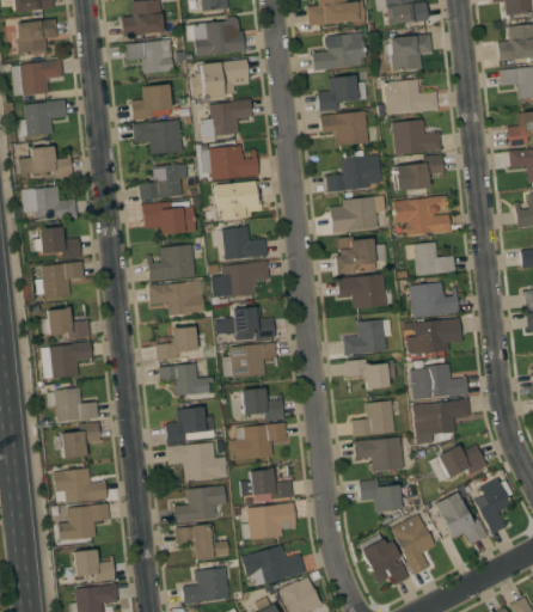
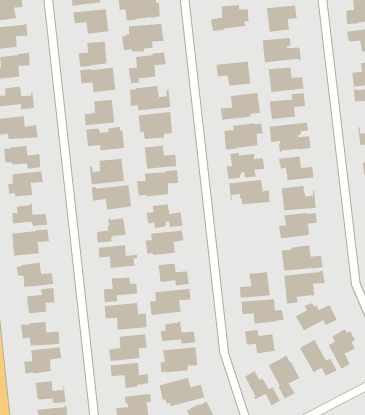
building: [318,71,370,111] -> none
building: [343,319,392,355] -> none
building: [345,359,397,391] -> none

